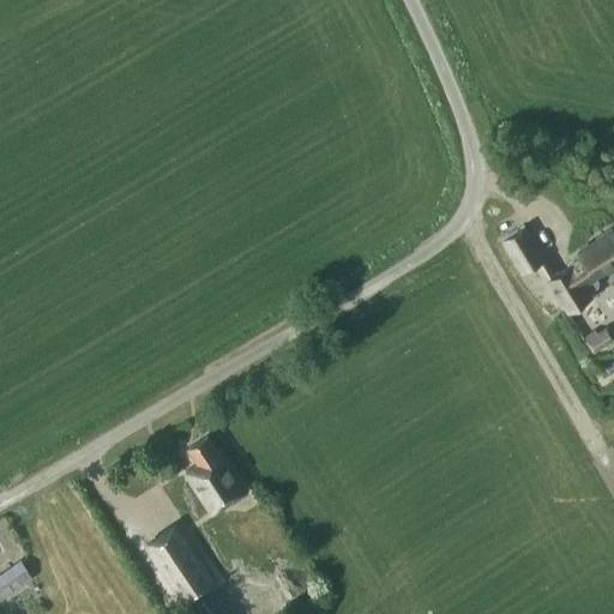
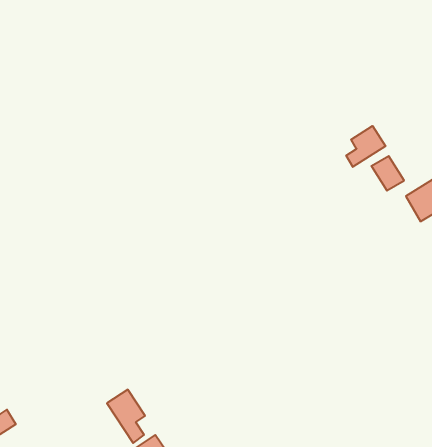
building: none -> [346,126,385,167]
building: [185,438,245,514] -> none

